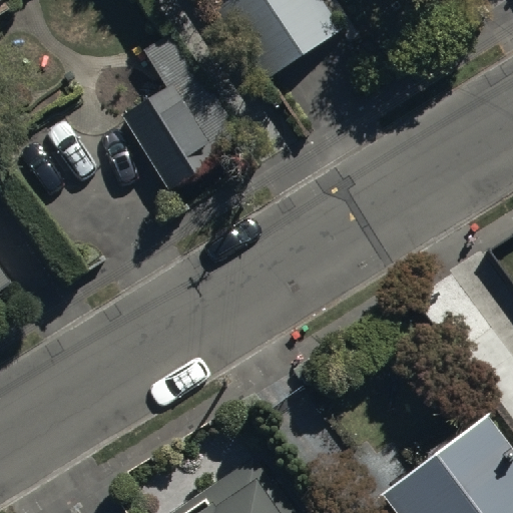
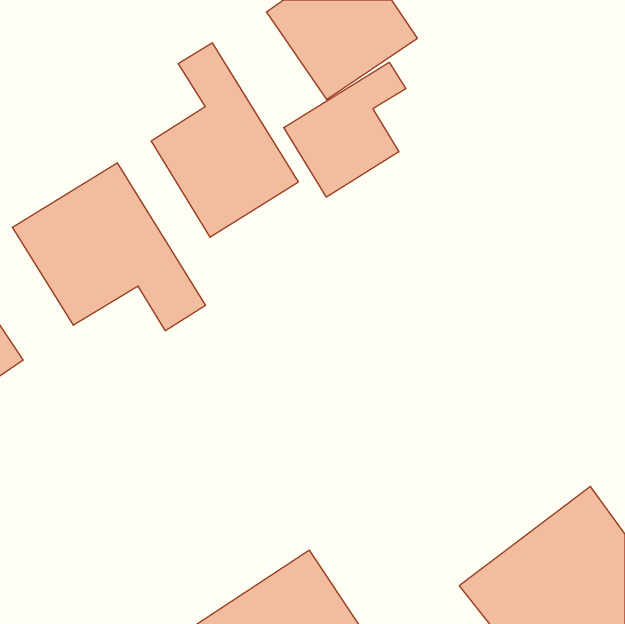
building: none -> [284,62,406,197]
building: none -> [12,163,206,331]

